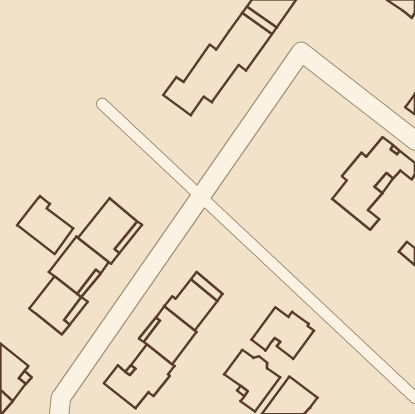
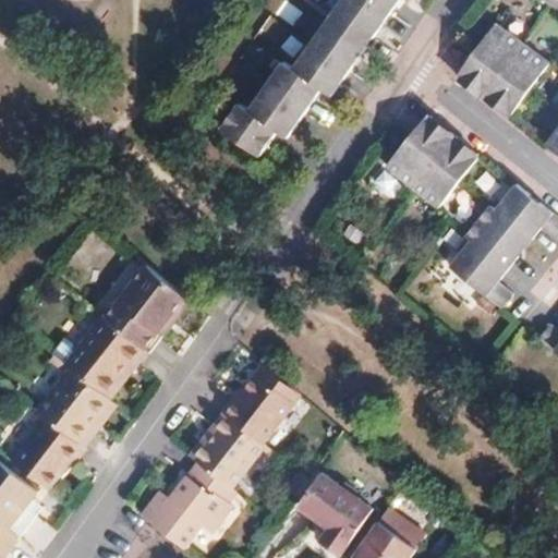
building: none -> [456,24,547,114]
building: none -> [384,118,475,207]
building: [17,196,73,254] -> none
building: [251,307,314,359] -> none
building: none -> [15,421,86,490]

